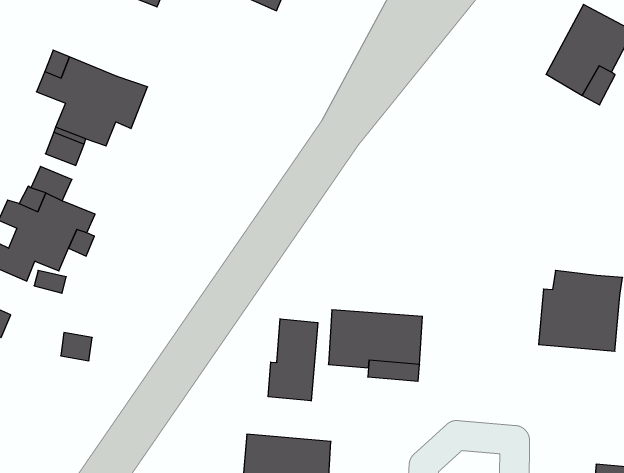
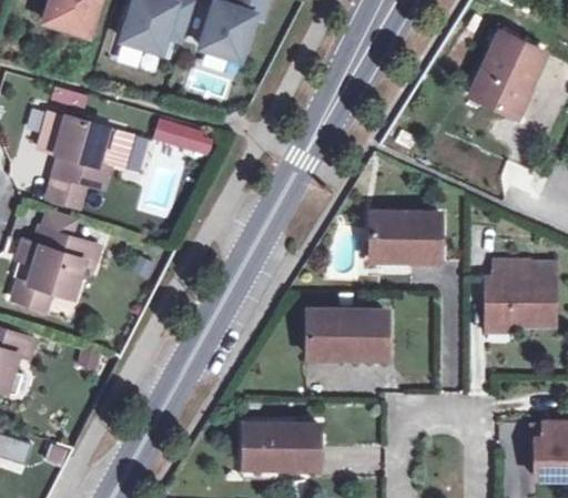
building: none -> [153,116,215,155]
building: none -> [369,212,438,261]
building: [268,319,318,401] -> none

